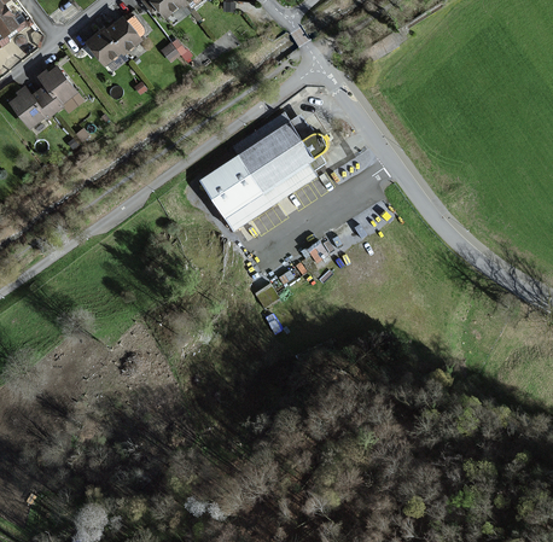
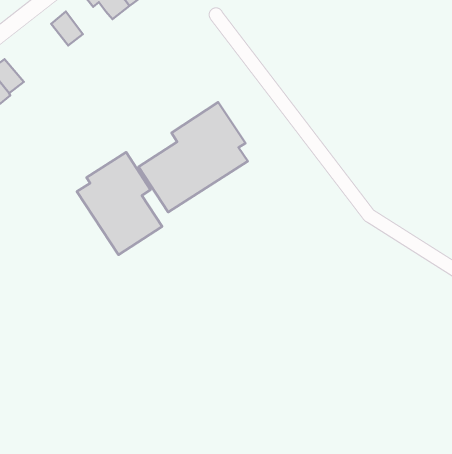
building: [87,27,123,64] -> none
building: none -> [77,152,162,255]

